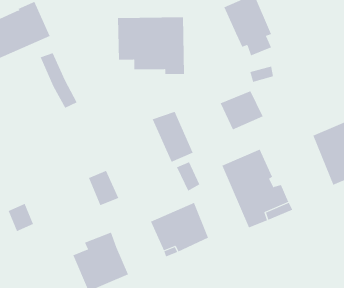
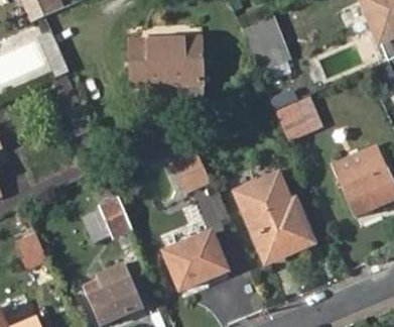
building: [220,91,263,130] -> [279,98,324,139]

